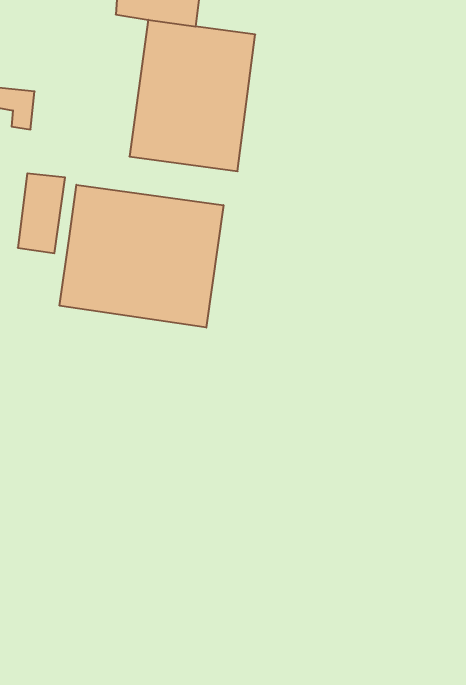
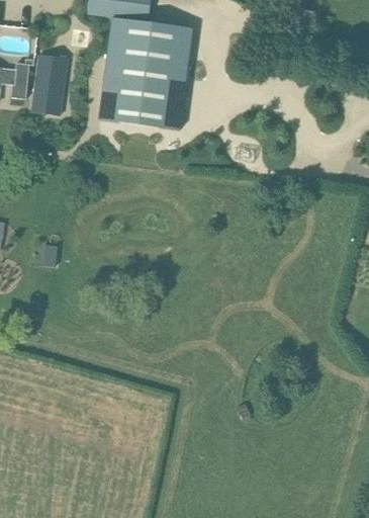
building: [18,173,65,253] -> [31,55,67,114]
building: [60,185,223,328] -> none

